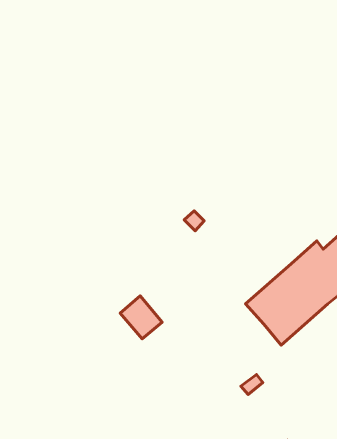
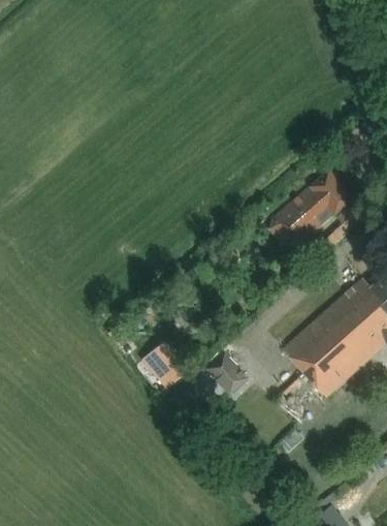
building: none -> [270,173,350,241]
building: none -> [204,352,247,395]

